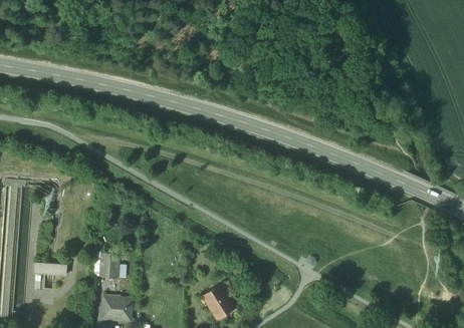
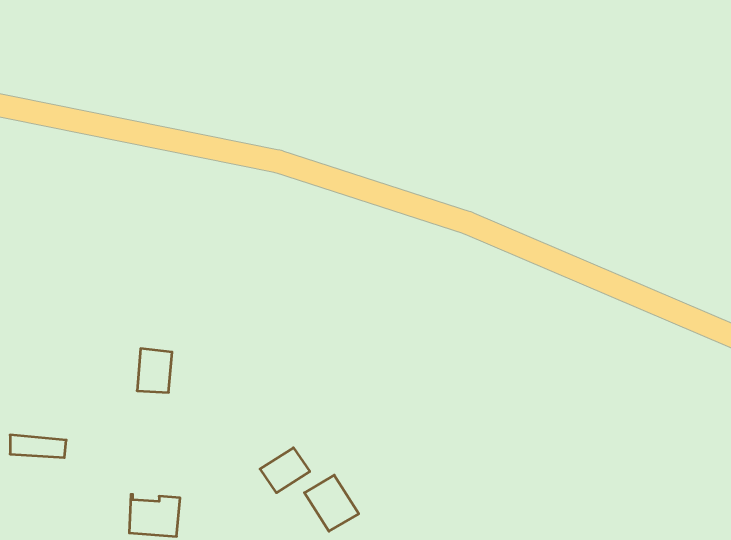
building: [99,252,120,277] -> [137,349,172,392]
building: none -> [260,448,310,493]

